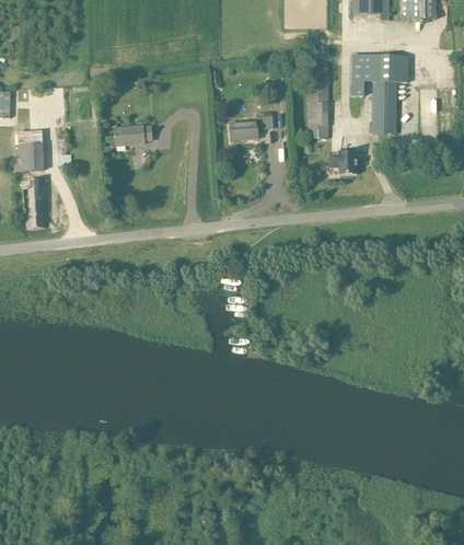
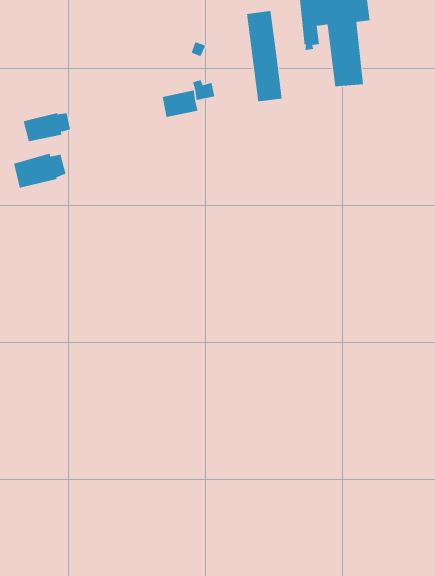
building: [329,152,358,175] -> none
building: none -> [14,153,66,189]

